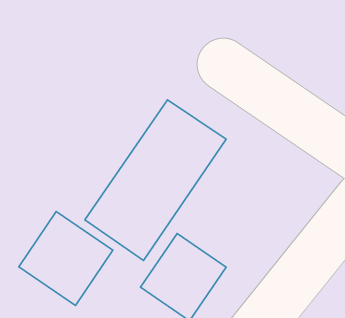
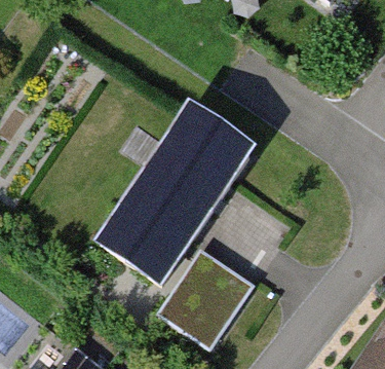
building: [19,212,113,305] -> none

